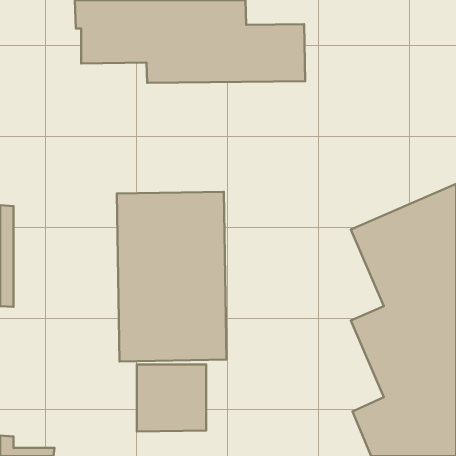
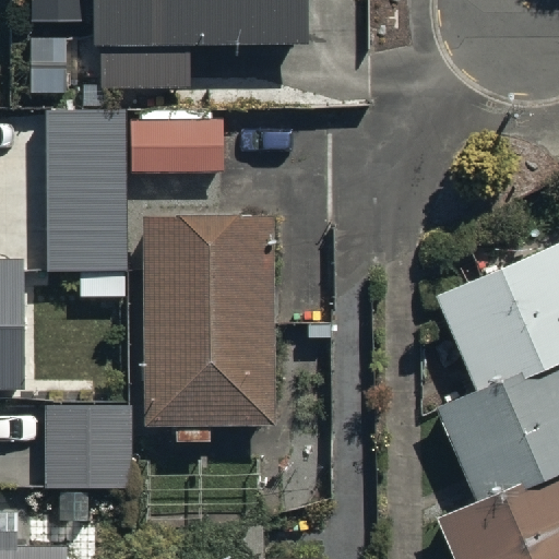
building: none -> [45,97,219,296]
building: [137,365,206,431] -> [45,406,130,488]

